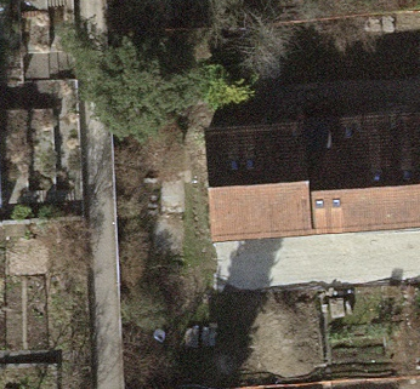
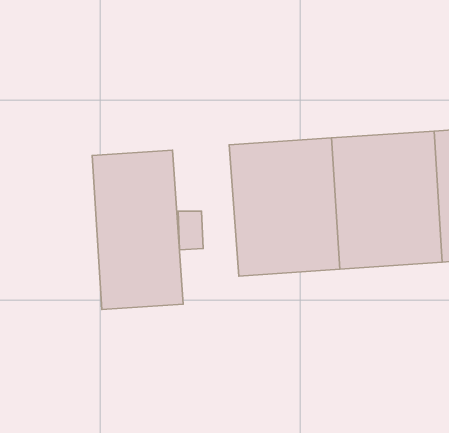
building: none -> [92,150,183,310]

